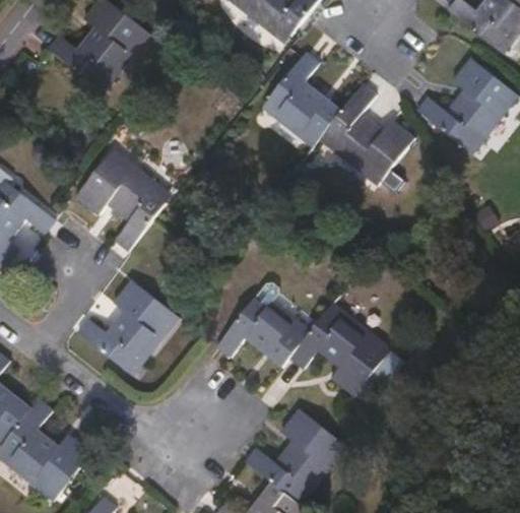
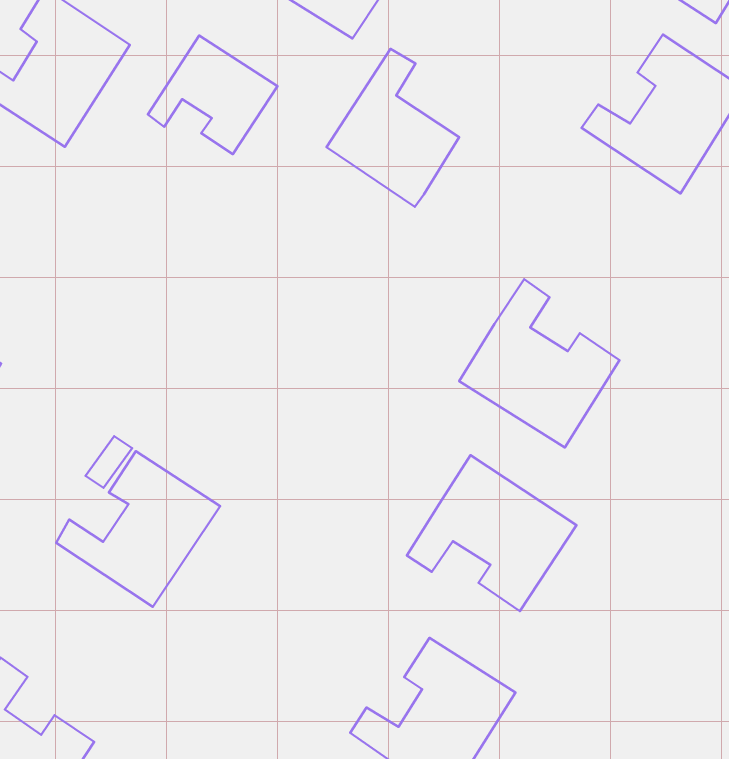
building: none -> [148,36,278,154]
building: [318,83,415,187] -> [459,279,619,448]
building: [75,148,172,252] -> none
building: [215,285,311,367] -> none

